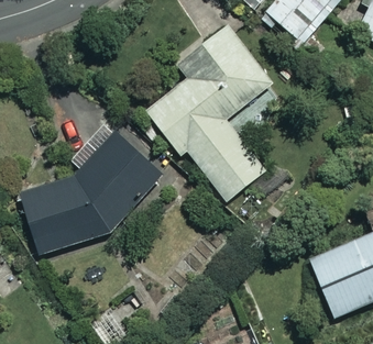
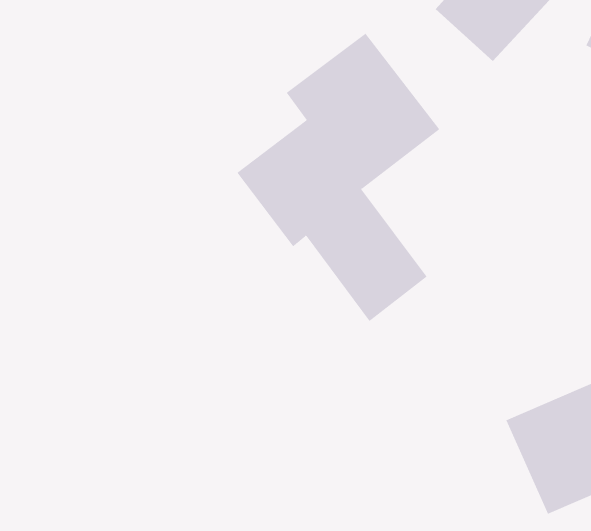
building: [18,126,161,255] -> none

